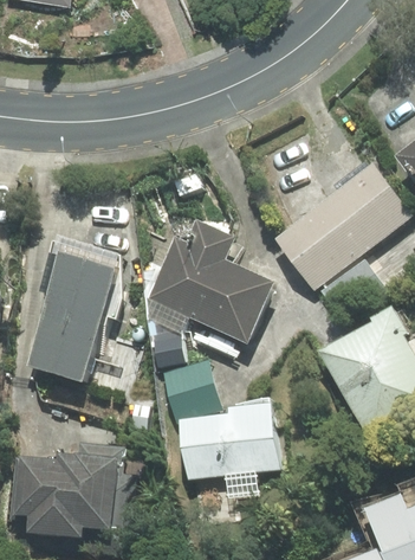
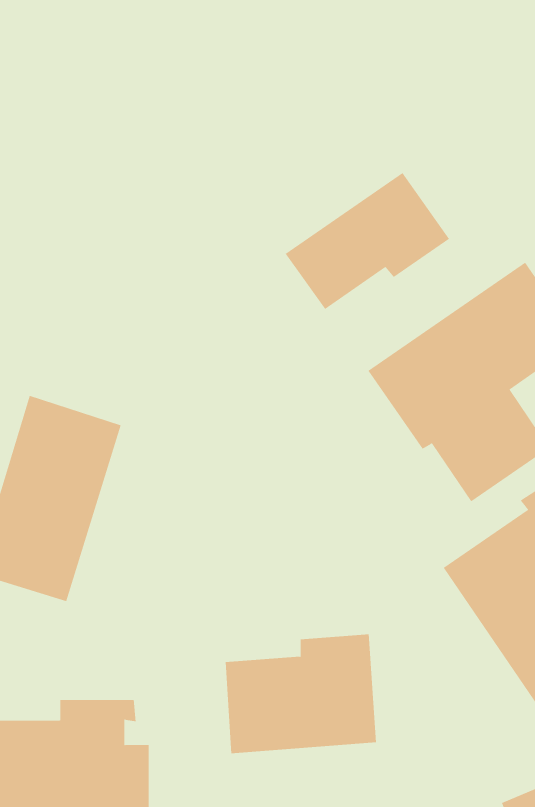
building: none -> [285,172,450,310]
building: [141,219,274,343] -> none
building: [163,359,218,412] -> none

